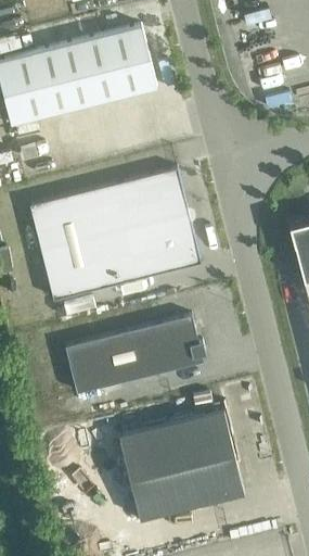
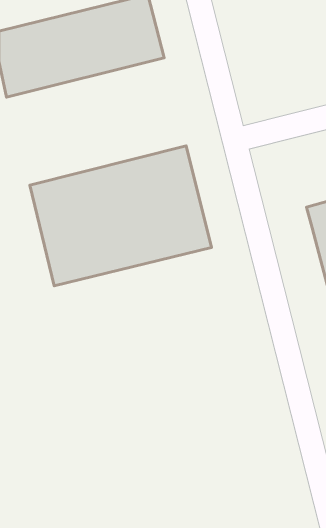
building: [65,317,203,395] -> none
building: [119,413,244,522] -> none

